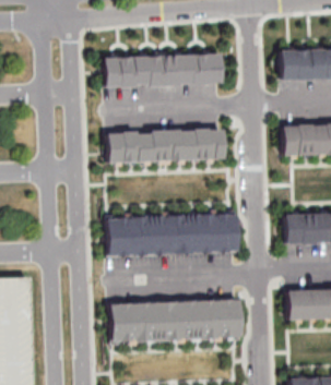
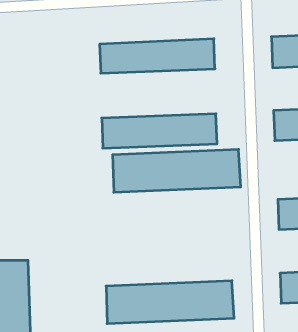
building: [107,213,238,256] -> [113,149,241,192]

